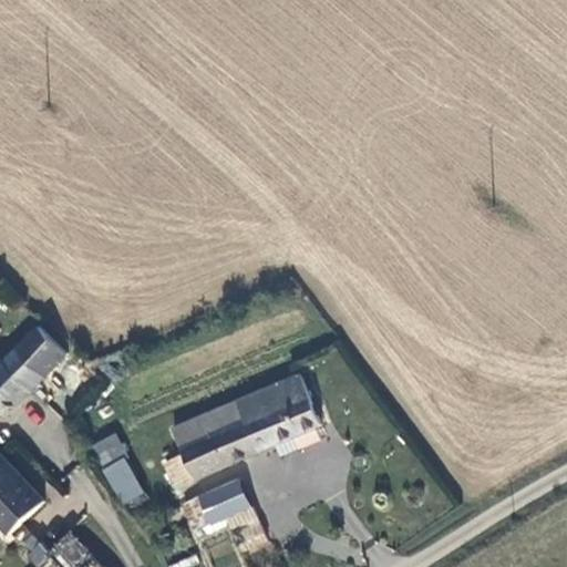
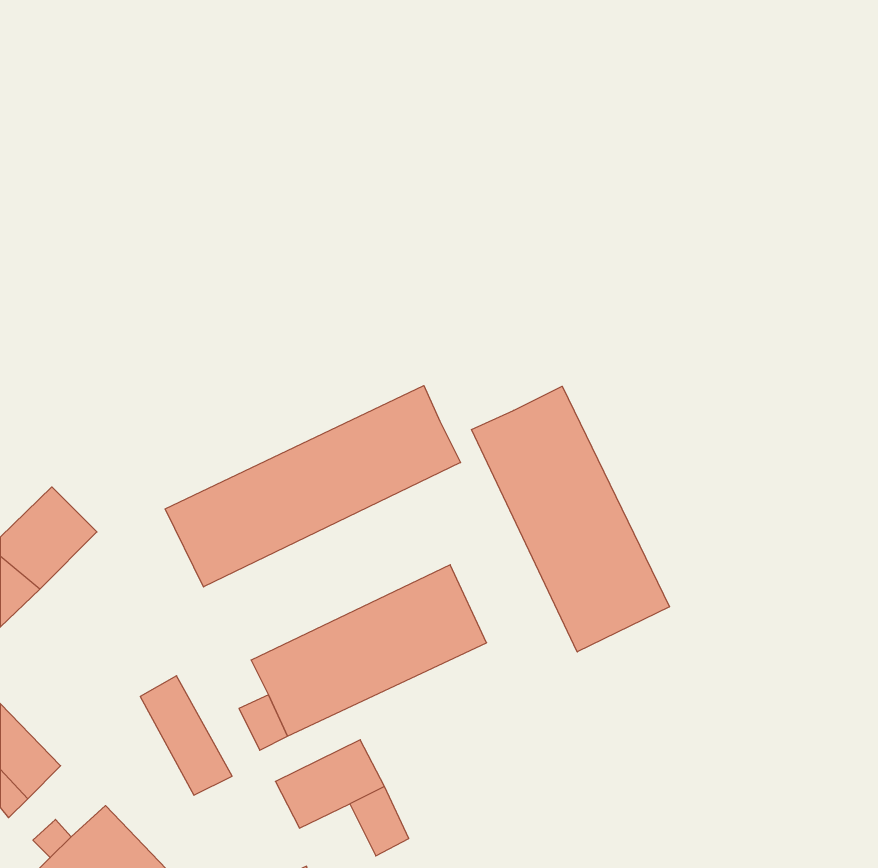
building: none -> [165,386,461,587]
building: none -> [471,386,669,652]

